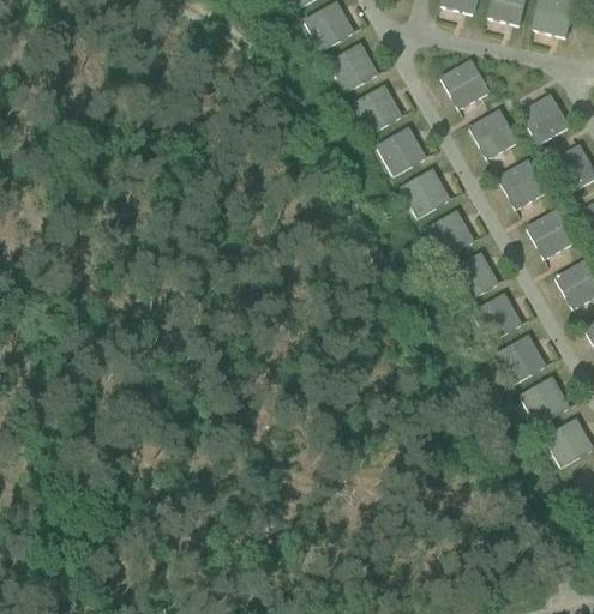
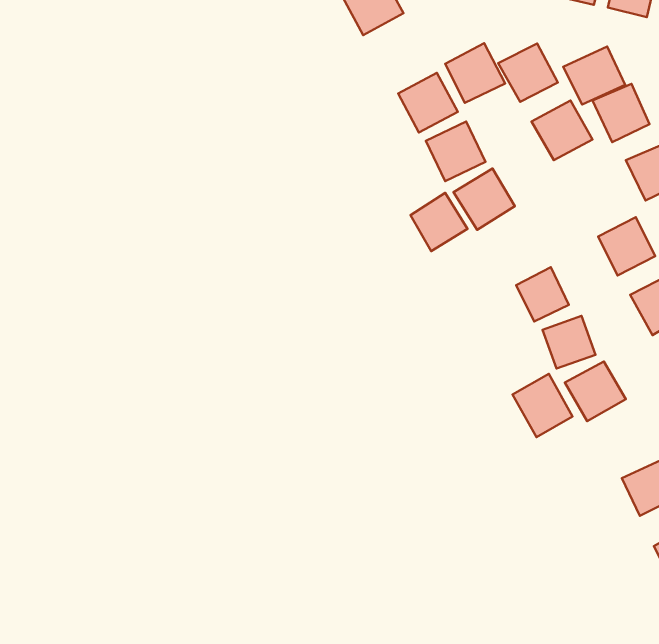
building: [329,41,380,92] -> [445,43,505,103]
building: none -> [563,46,625,104]
building: [494,159,545,210] -> none
building: [427,210,476,260] -> [410,193,467,251]
building: none -> [513,374,573,437]
building: [521,375,571,426] -> none

